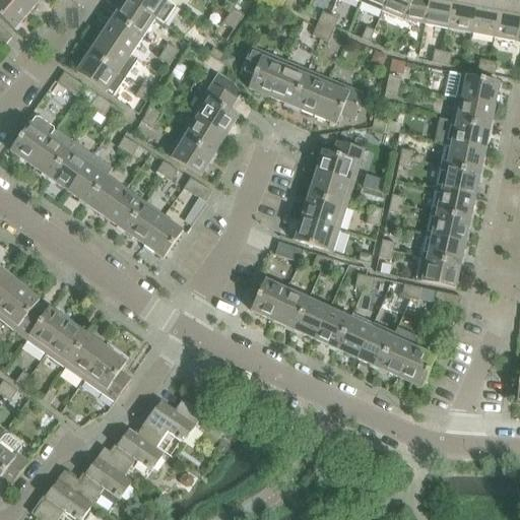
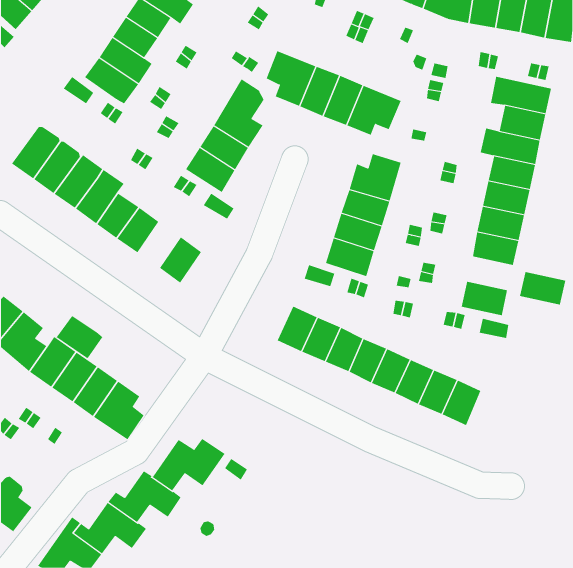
building: [125,201,164,243] -> none
building: [422,233,465,263] -> [519,272,566,305]
building: none -> [56,315,103,359]

